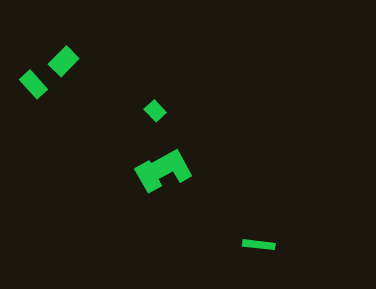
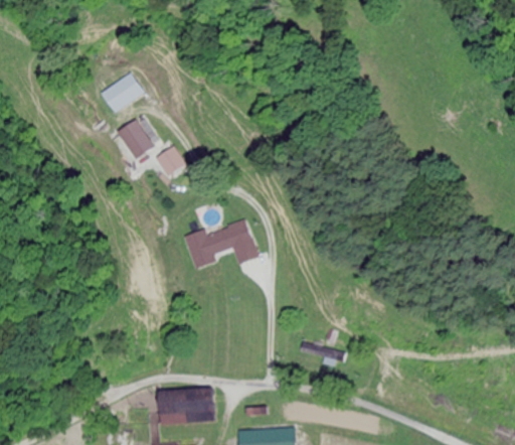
building: [18,68,49,100] -> [118,118,154,158]
building: [142,98,168,124] -> [155,143,185,174]

